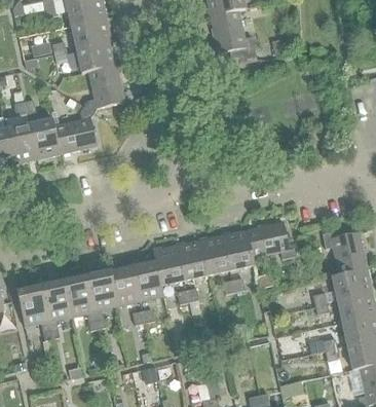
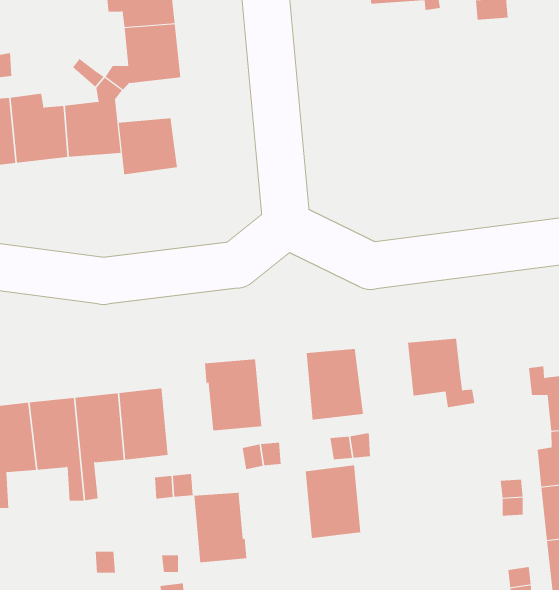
building: none -> [118,117,178,175]
building: [230,227,263,267] -> none
building: [179,238,212,280] -> [305,465,361,539]
building: [131,260,163,300] -> [193,491,247,563]

